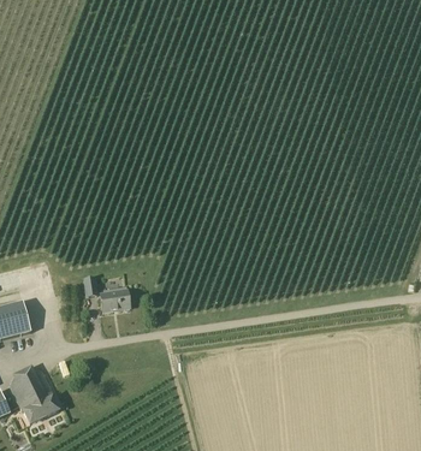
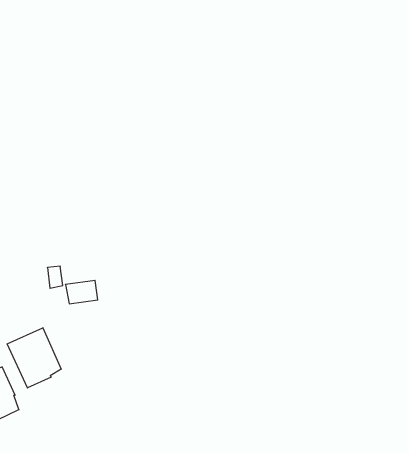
building: none -> [7,328,61,388]

